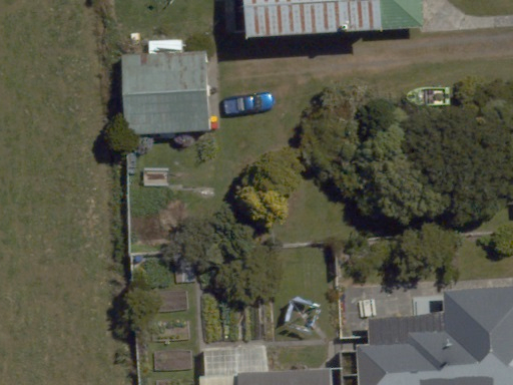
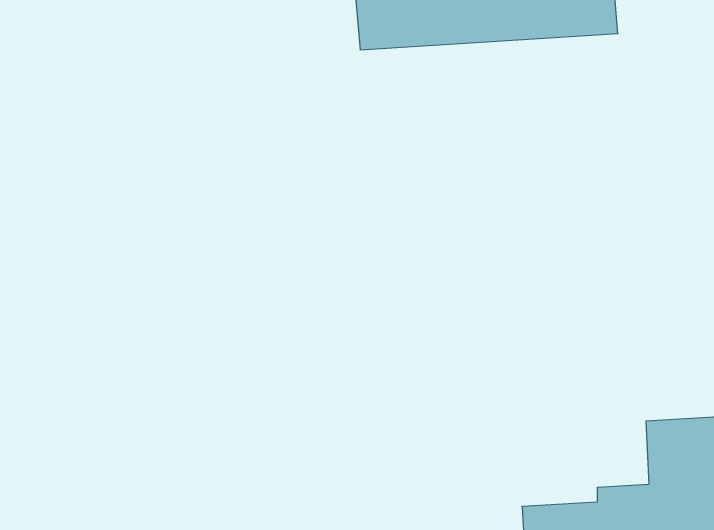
building: [120,52,209,133] -> none

